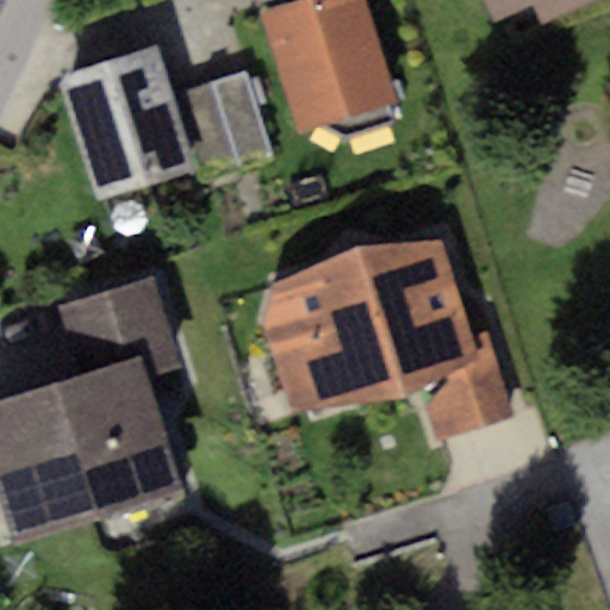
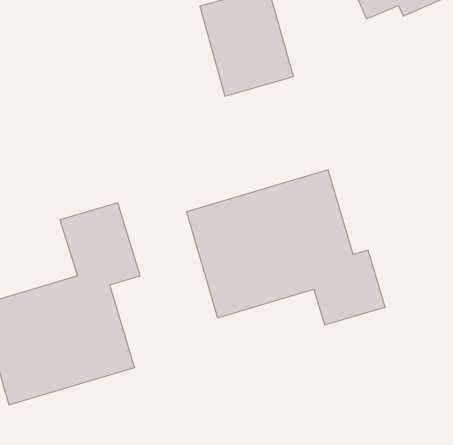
building: [57,42,193,192] -> none
building: [185,71,274,173] -> none

